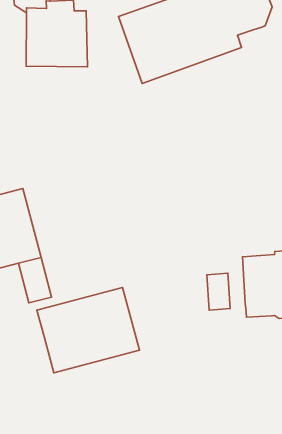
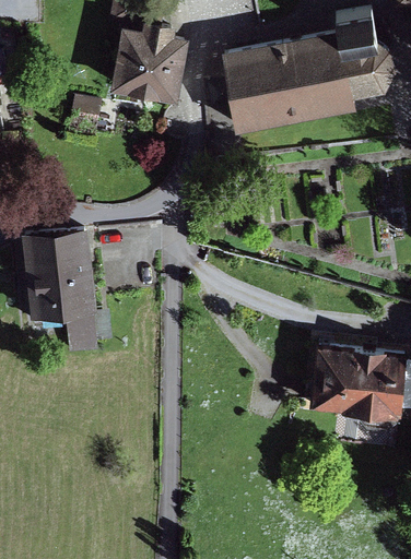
building: [207,273,230,310] -> none
building: [37,288,139,373] -> none

